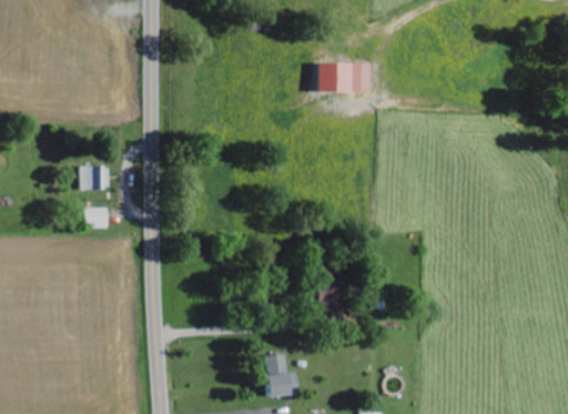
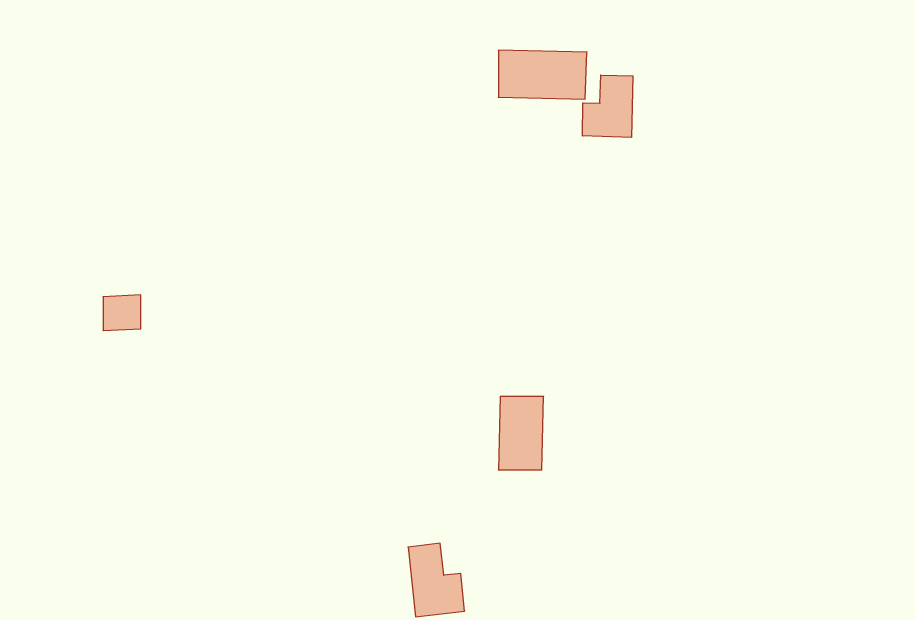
building: none -> [583,75,633,137]
building: [79,166,109,190] -> none

